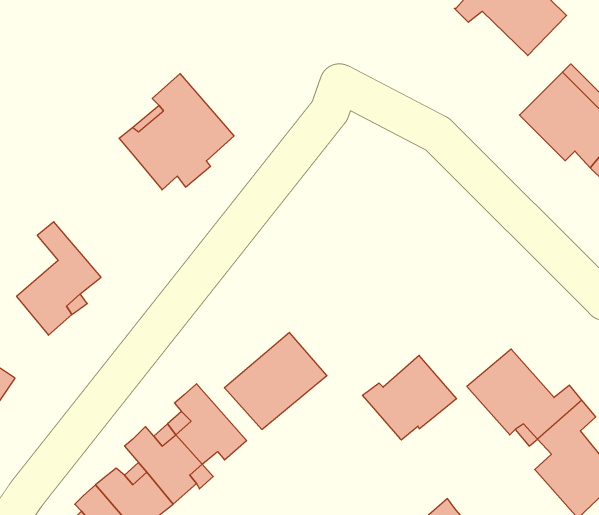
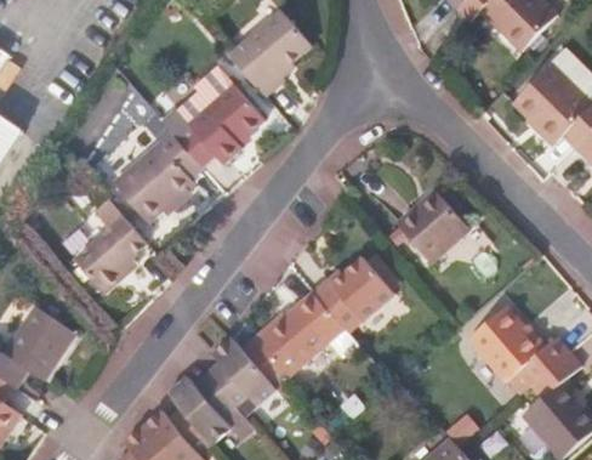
building: none -> [229,11,311,96]
building: none -> [114,121,201,221]
building: none -> [398,191,469,261]
building: [362,355,457,440] -> [313,257,395,331]

